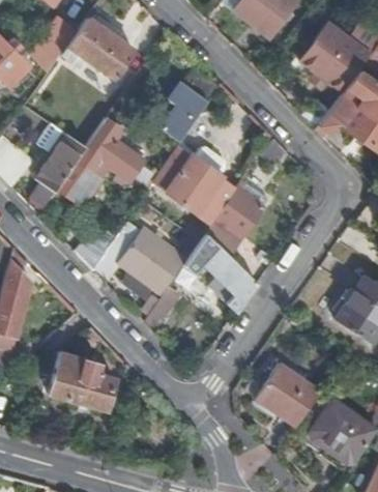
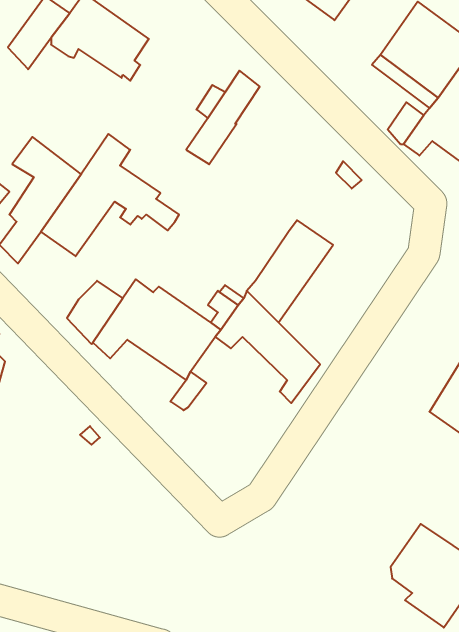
building: [154,147,236,224] -> none
building: [49,351,115,409] -> none
building: [255,363,320,427] -> none

